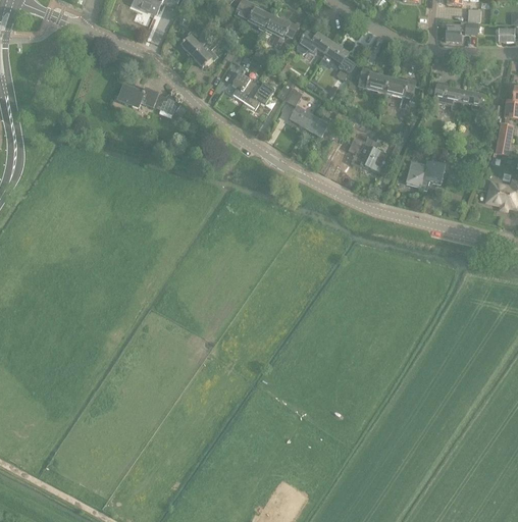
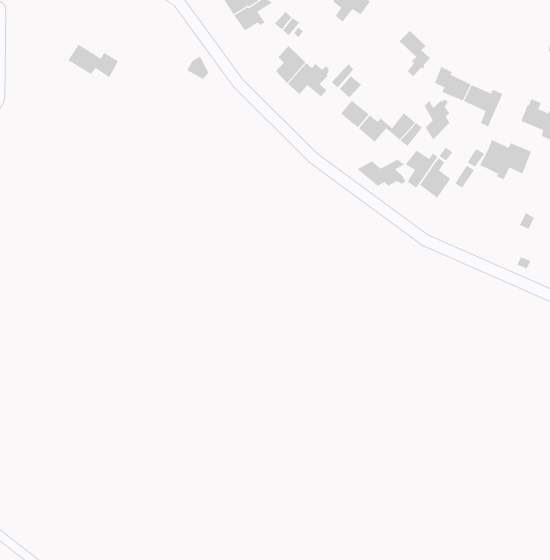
building: [296,32,332,53] -> none
building: [117,85,158,107] -> [68,44,119,78]
building: none -> [424,99,450,140]
building: none -> [357,159,406,187]
building: [405,160,445,191] -> [479,139,532,180]

